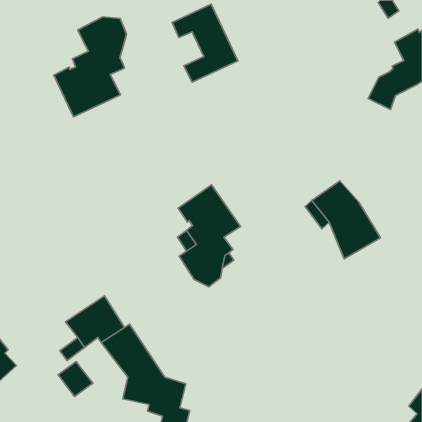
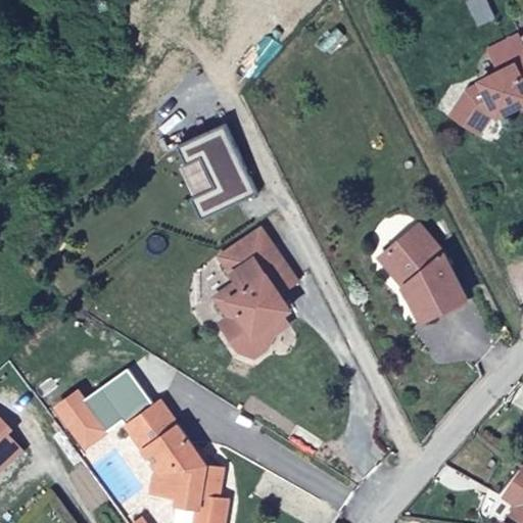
building: [172,4,238,82] -> [175,123,255,219]
building: [54,17,127,117] -> none
building: [58,362,93,396] -> [53,391,96,434]

